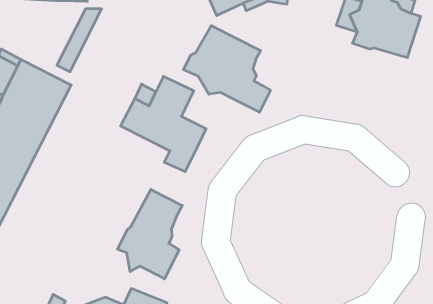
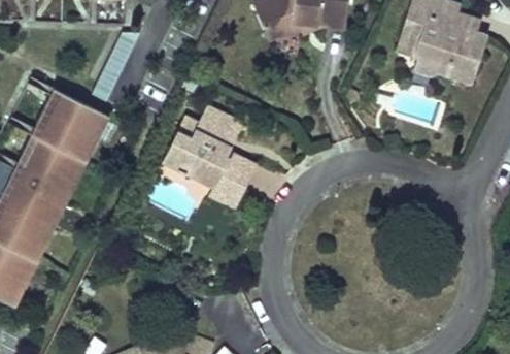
building: [184,26,270,112] -> none
building: [118,189,182,279] -> none

